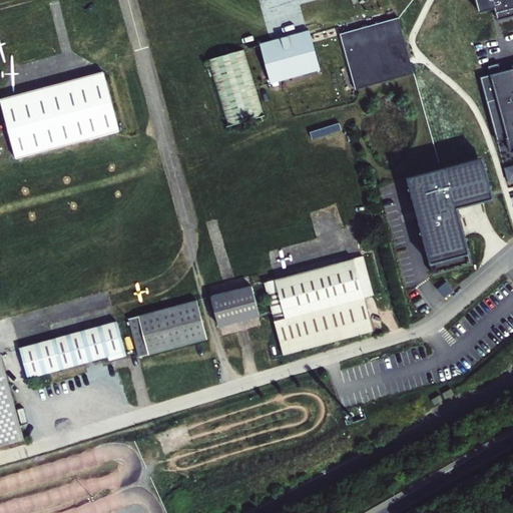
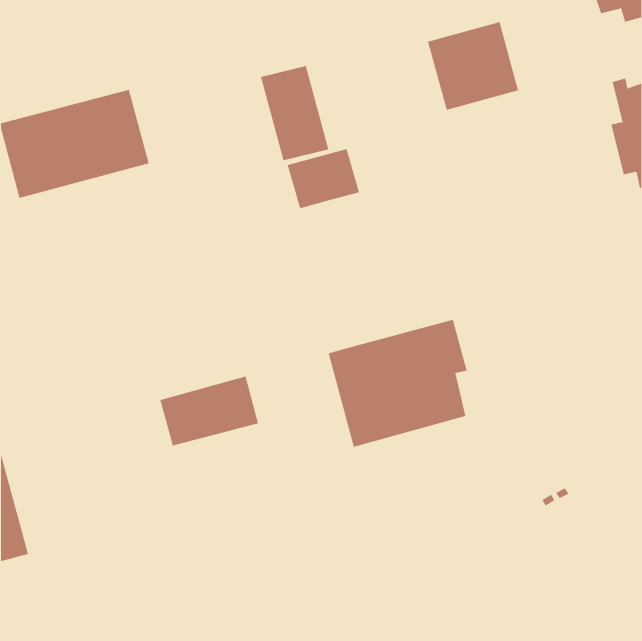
building: [262,34,320,82] -> [287,148,360,209]
building: [408,156,493,273] -> none
building: [210,284,263,324] -> none
building: [19,321,126,376] -> none

